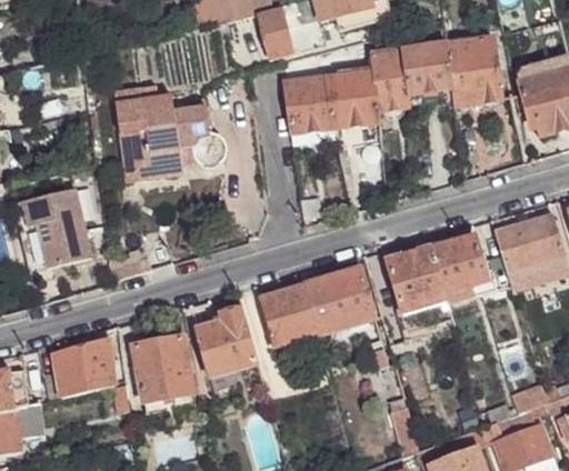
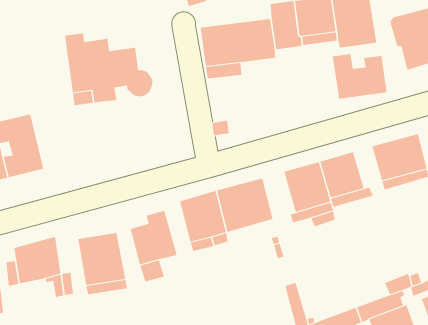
building: none -> [332,54,387,100]

